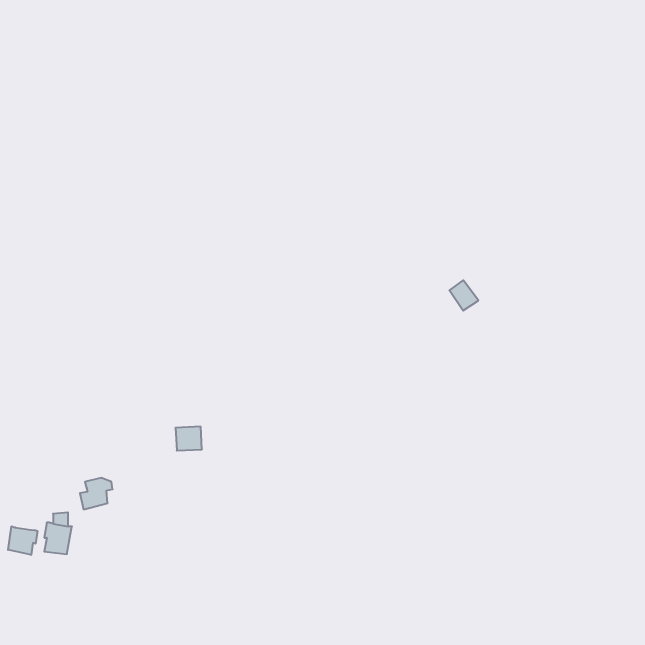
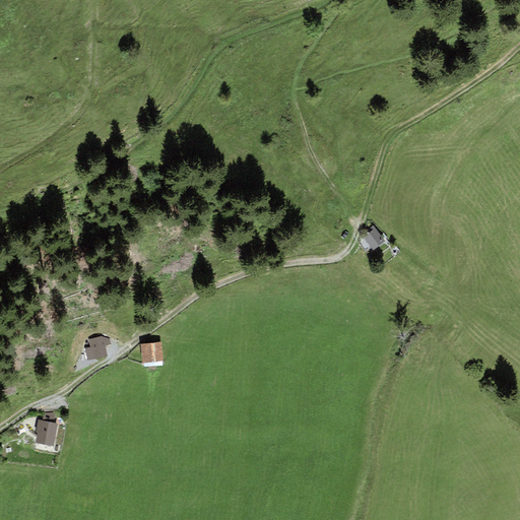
building: [80,478,113,509] -> [84,336,111,362]
building: [8,526,37,555] -> none

